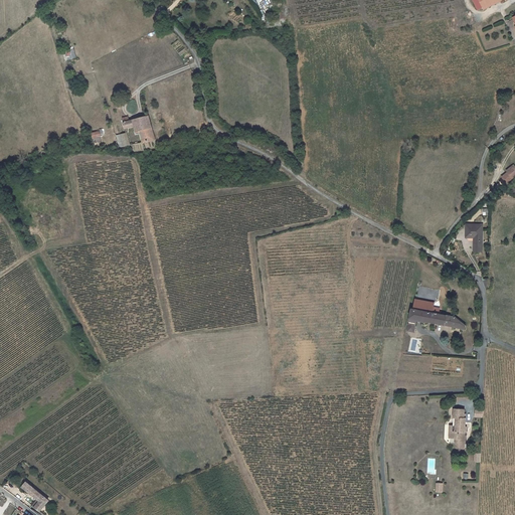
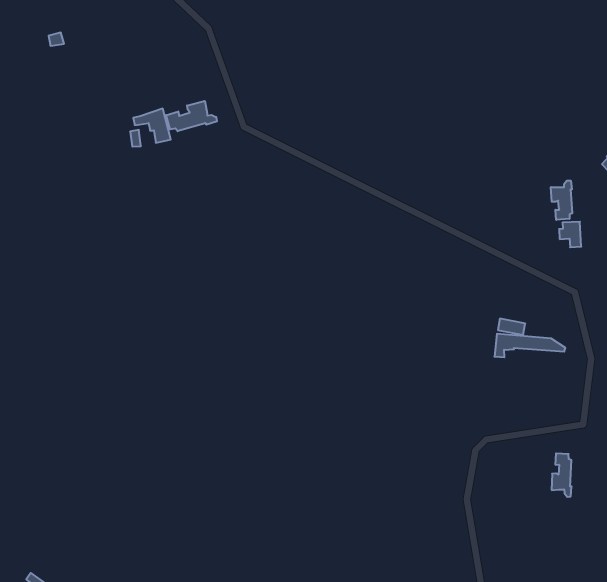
building: none -> [166,101,217,131]
building: none -> [551,181,572,220]

